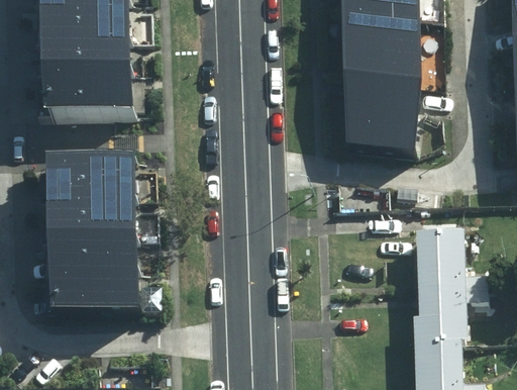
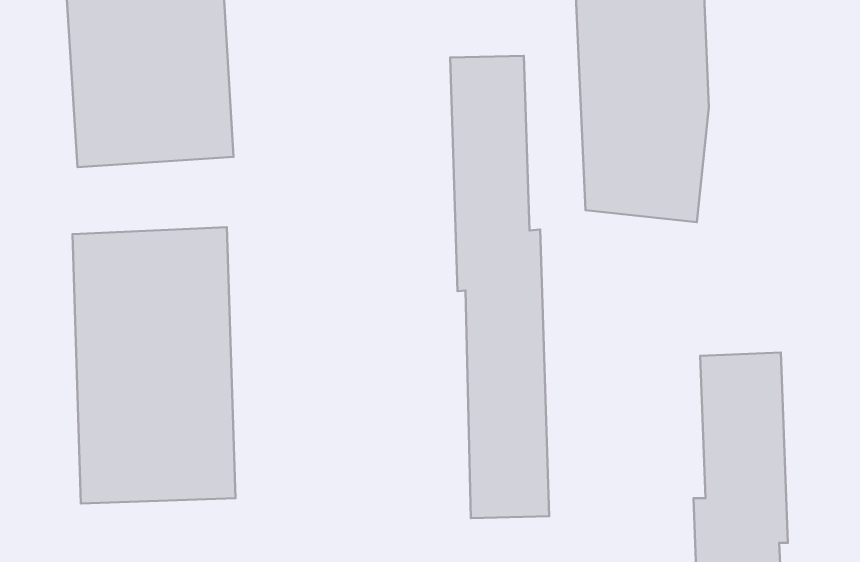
building: none -> [450,56,549,518]

